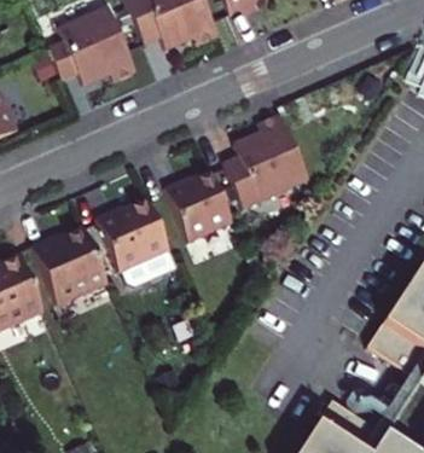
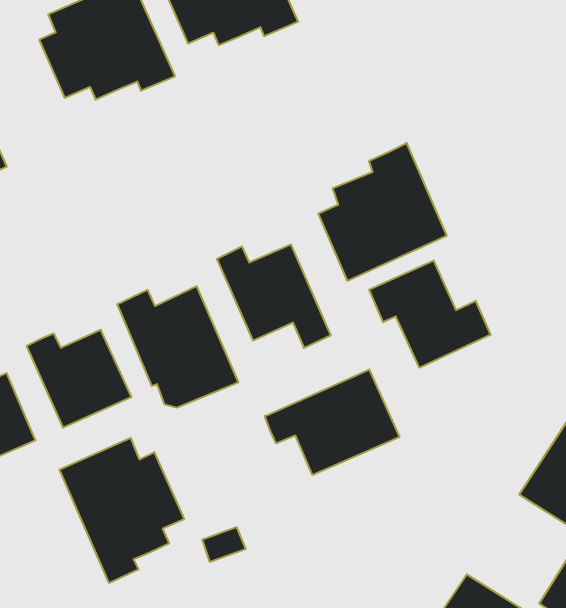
building: none -> [369,260,491,368]
building: none -> [265,369,399,475]
building: none -> [59,438,184,583]

